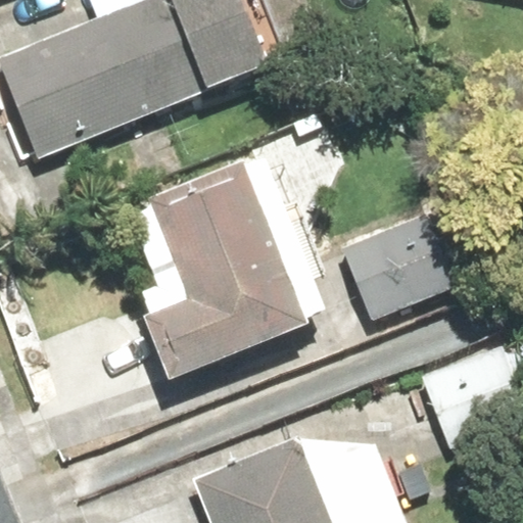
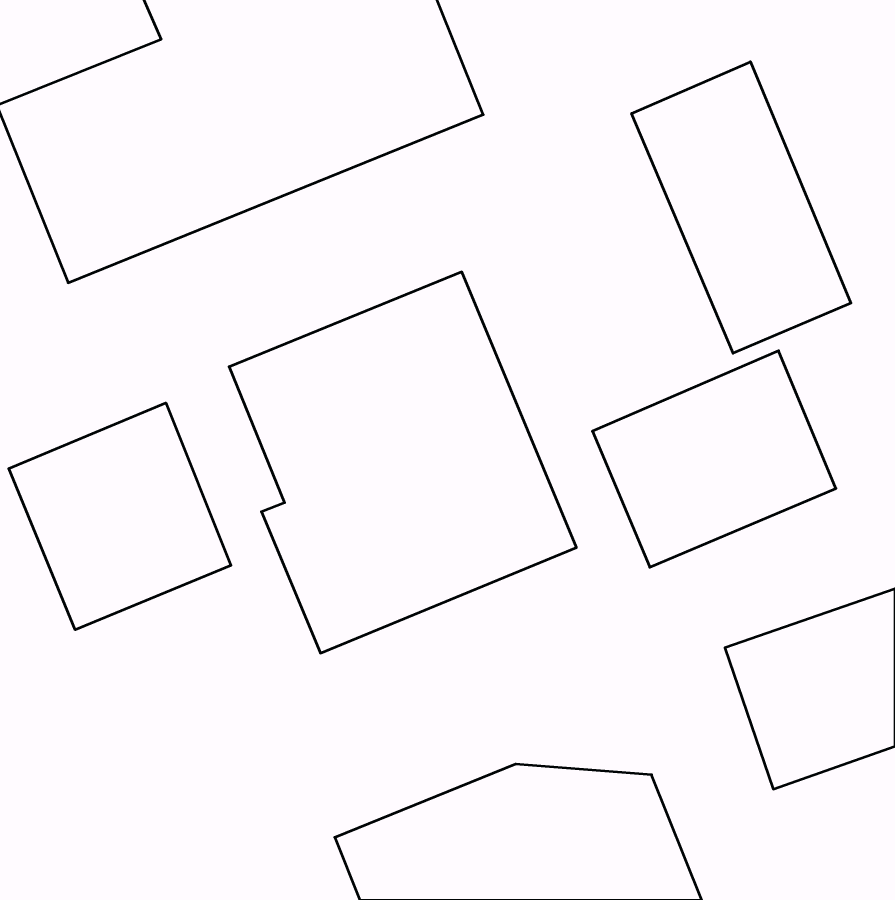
building: none -> [632,62,851,353]
building: none -> [9,403,231,630]

